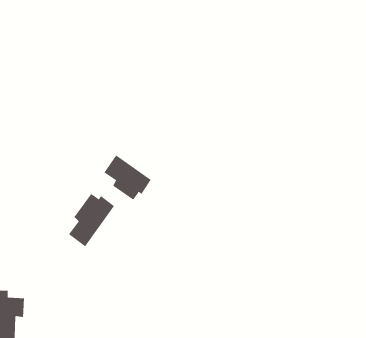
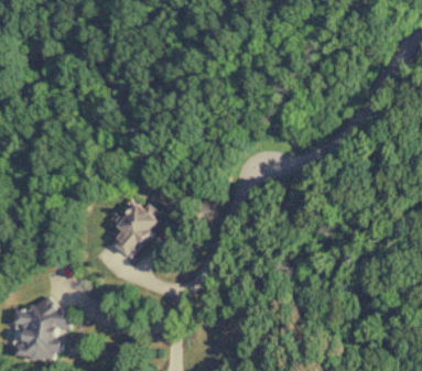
building: [104,154,152,201] -> none

